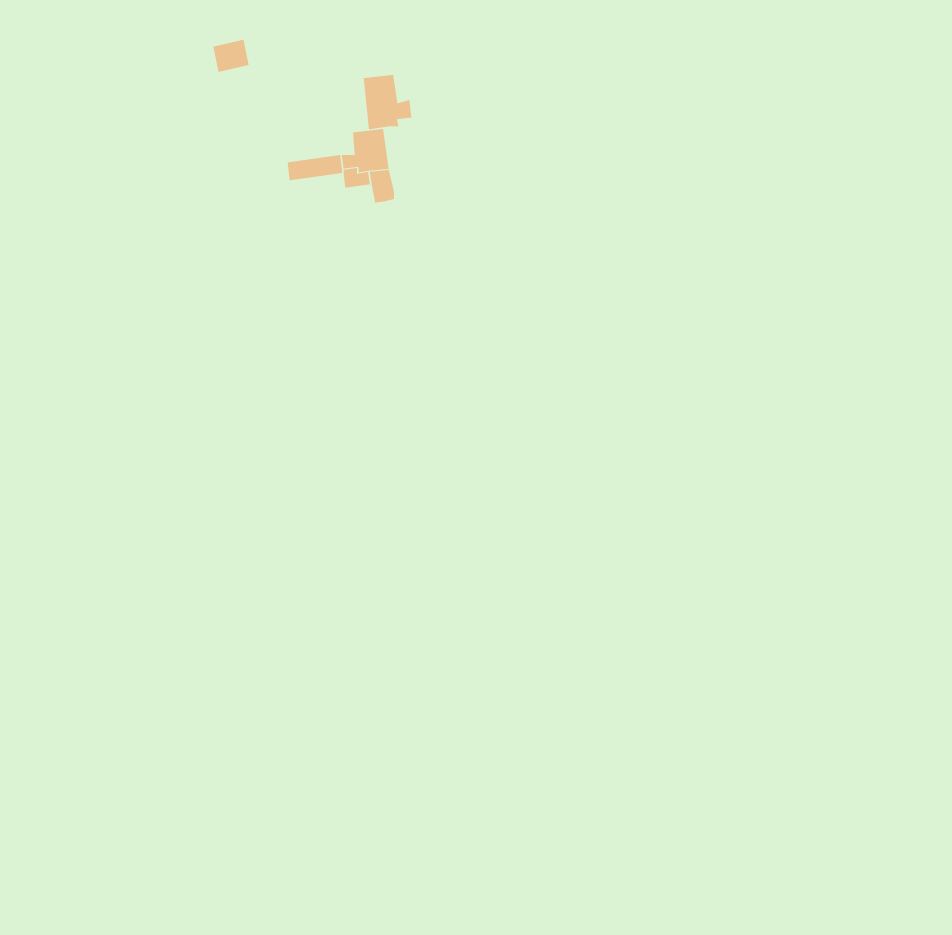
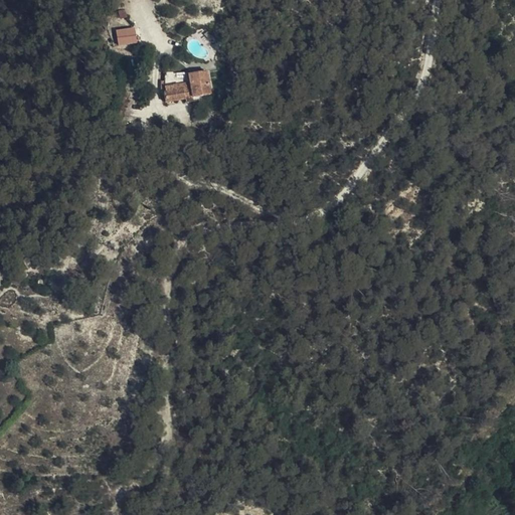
building: [363,74,412,130] -> none

